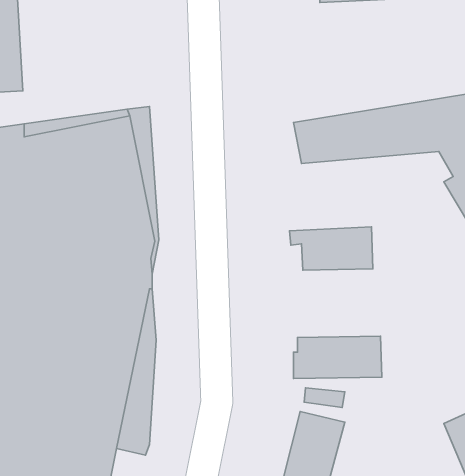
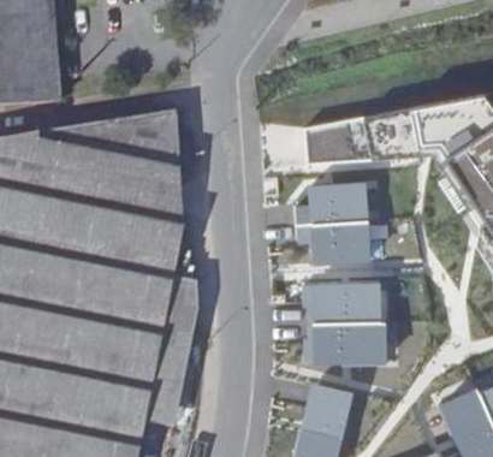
building: none -> [301,182,376,227]
building: none -> [171,280,201,432]
building: none -> [303,283,385,325]

